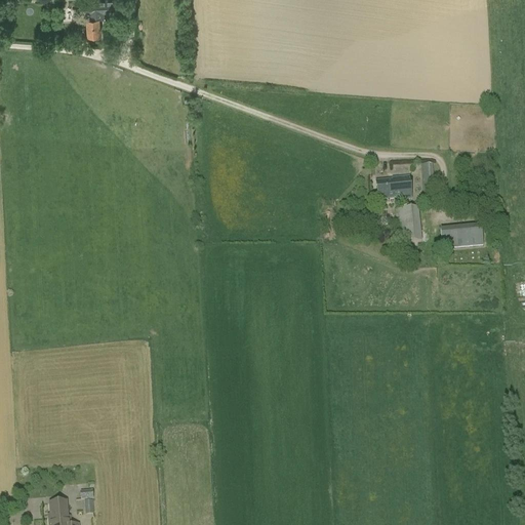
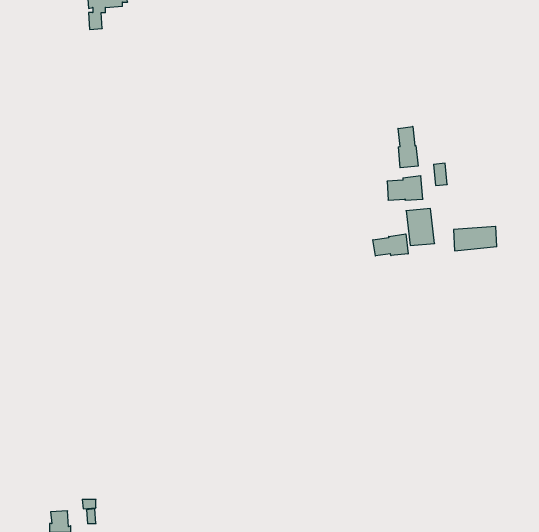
building: none -> [398,126,418,168]
building: none -> [373,234,408,256]

